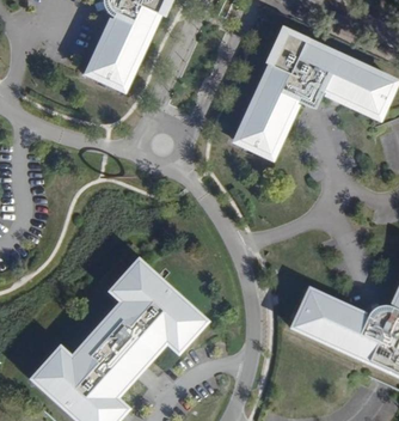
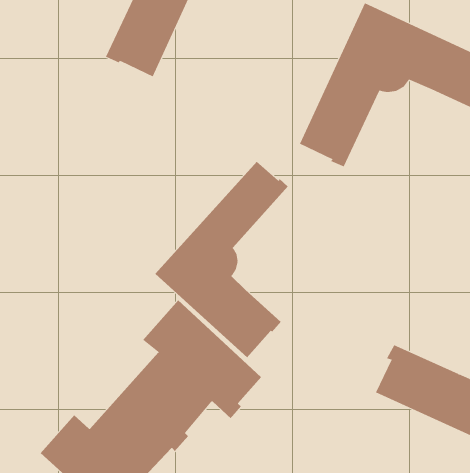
building: none -> [154,161,288,358]

